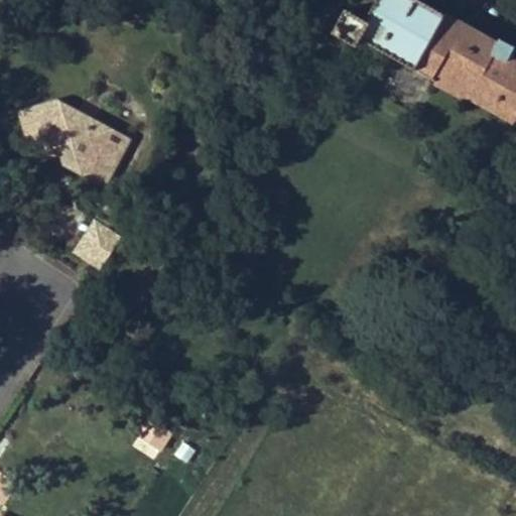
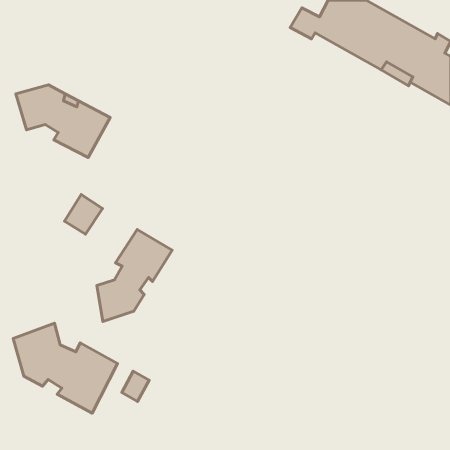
building: none -> [97,229,172,321]
building: none -> [13,323,118,413]

